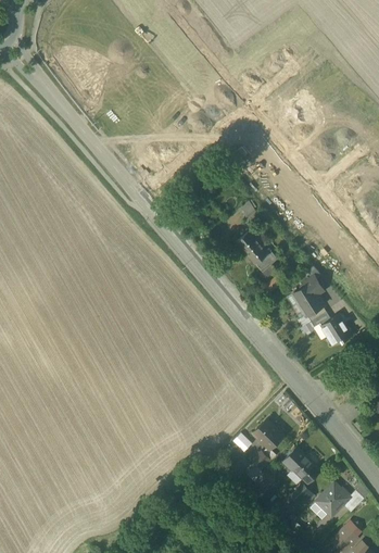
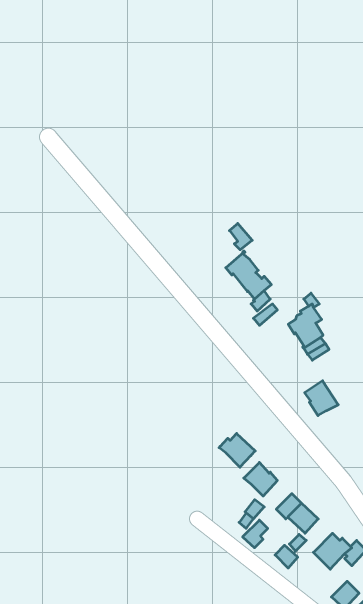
building: [321,314,352,345] -> [305,381,338,416]
building: none -> [219,433,255,467]

